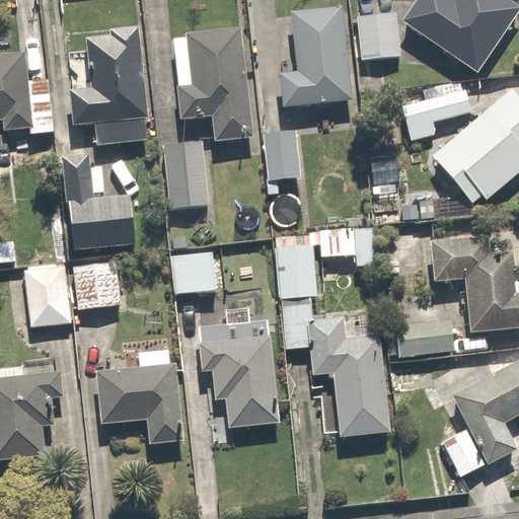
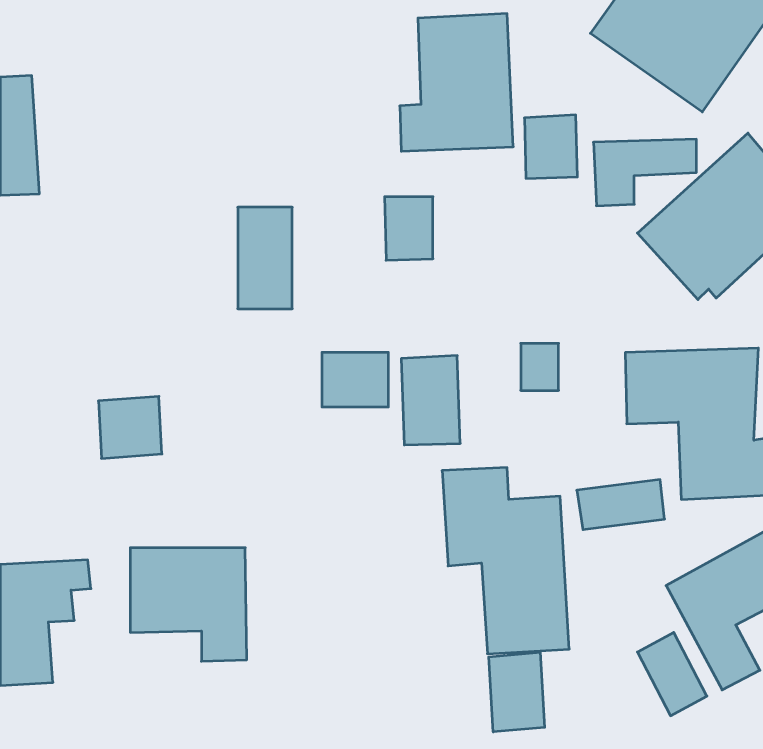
building: [360,11,395,54] -> [524,115,577,178]
building: [68,26,150,145] -> none
building: [173,29,251,142] -> none
building: [72,153,135,245] -> none
building: [169,255,214,292] -> [322,352,388,407]
building: [25,267,67,323] -> none
building: [196,329,277,430] -> none
building: none -> [489,652,545,732]

